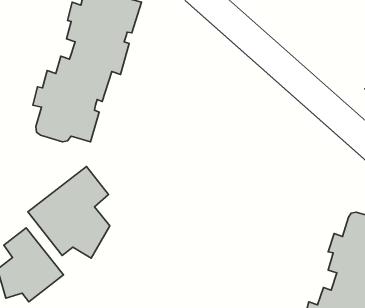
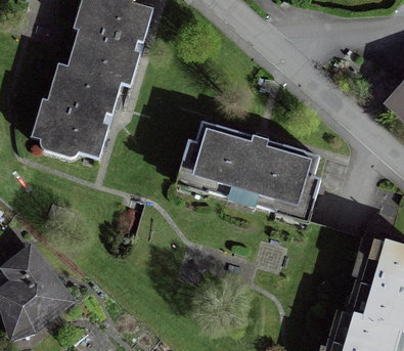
building: none -> [181,124,319,215]
building: [28,167,110,258] -> none

